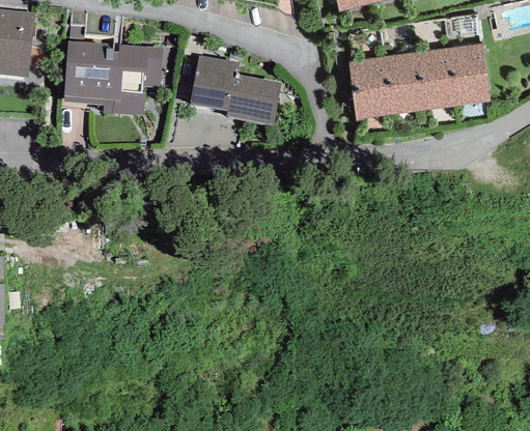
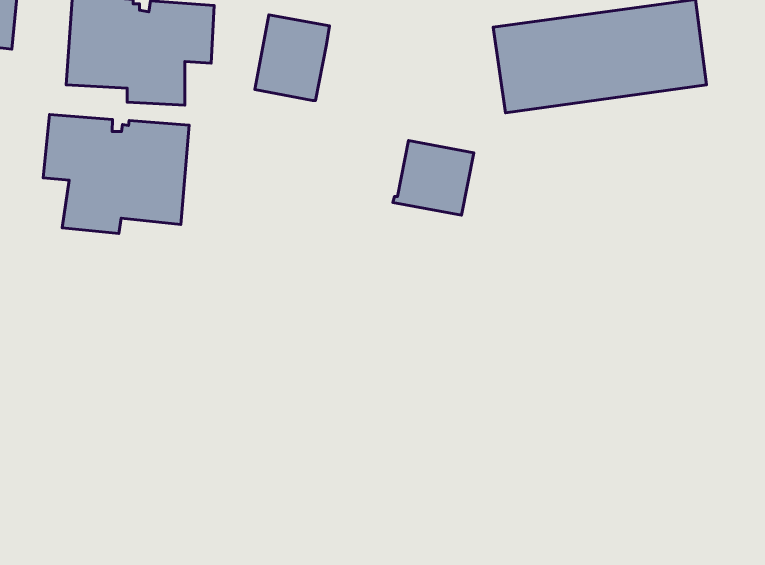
building: [226,74,280,123] -> [393,140,474,215]
building: none -> [43,114,189,234]

